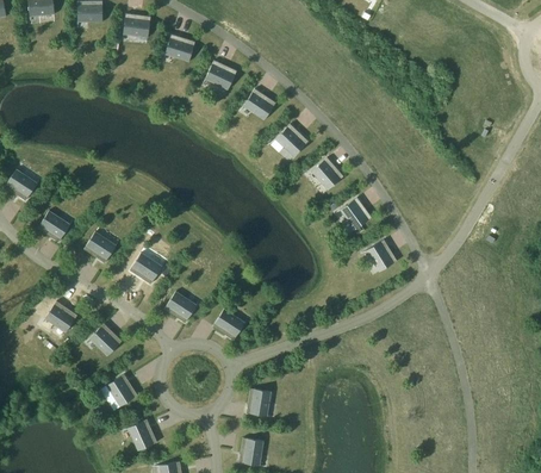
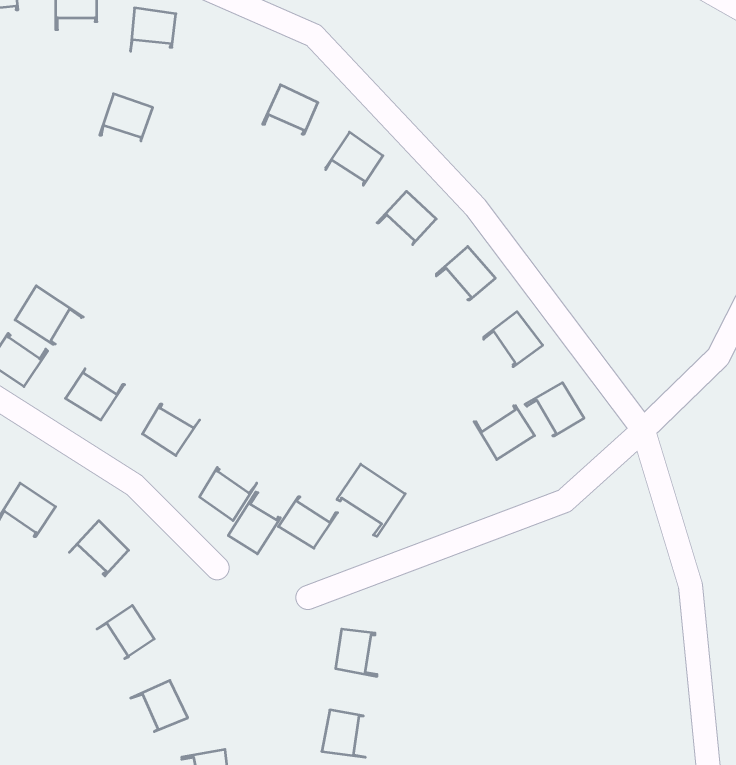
building: [163,33,195,62] -> [100,94,153,141]
building: none -> [15,286,83,344]
building: none -> [474,406,535,460]
building: none -> [337,464,405,536]
building: none -> [228,492,280,554]

